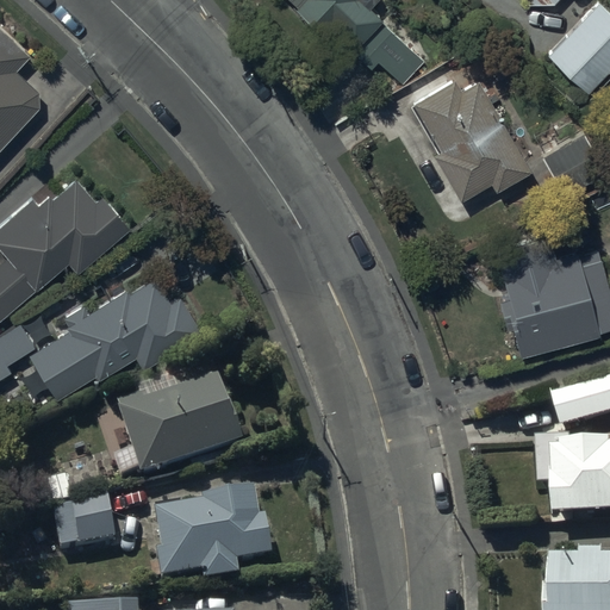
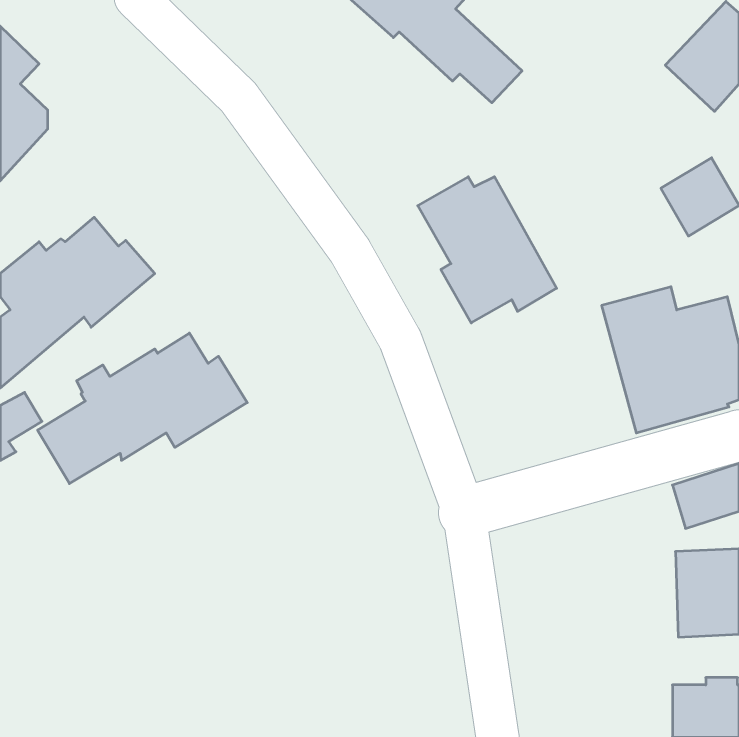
building: [416,80,530,200] -> [418,177,557,323]
building: [119,349,244,485] -> none
building: [57,499,117,553] -> none
building: [158,499,273,591] -> none

